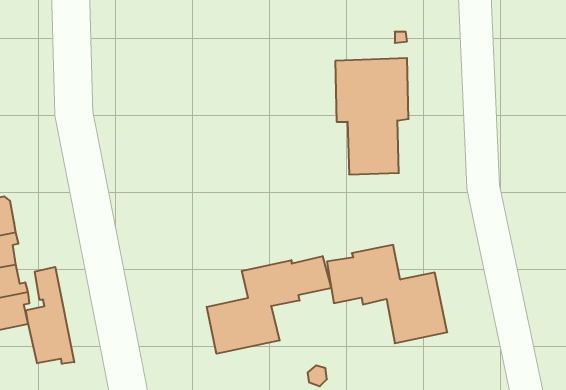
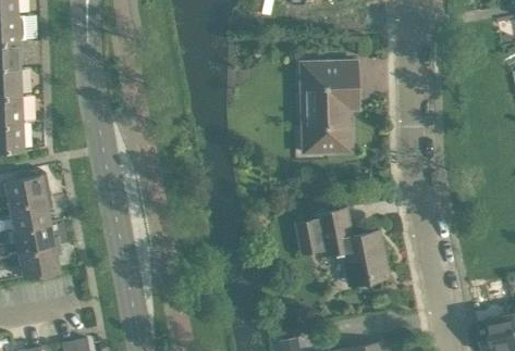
building: [207,256,331,354] -> none
building: [26,267,74,364] -> none

